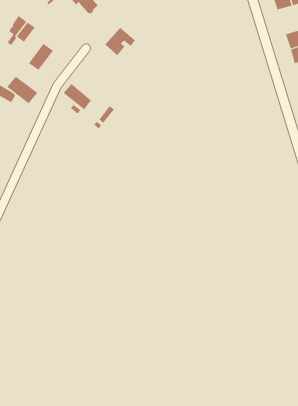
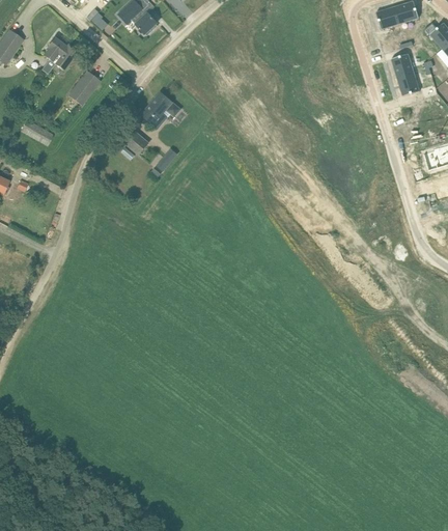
building: [104,27,136,56] -> [141,92,180,129]
building: [6,76,38,104] -> none

